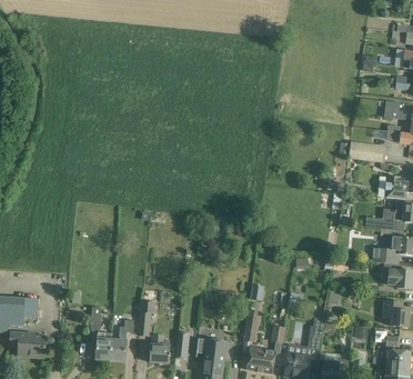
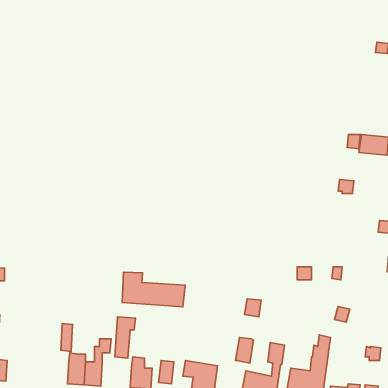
building: none -> [122,272,185,307]

